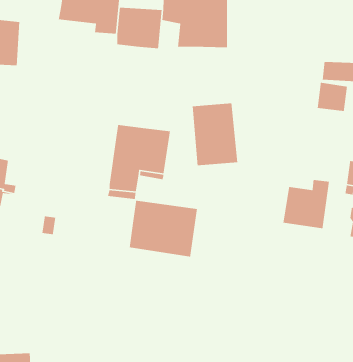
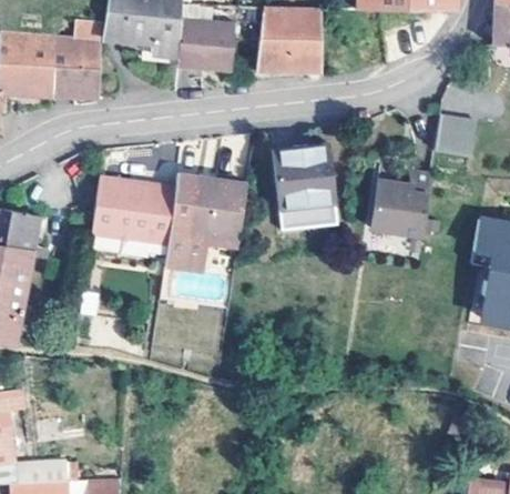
building: none -> [51,19,105,98]
building: none -> [93,174,177,251]
building: [283,179,330,229] -> [371,172,432,236]
building: [129,200,198,257] -> none

